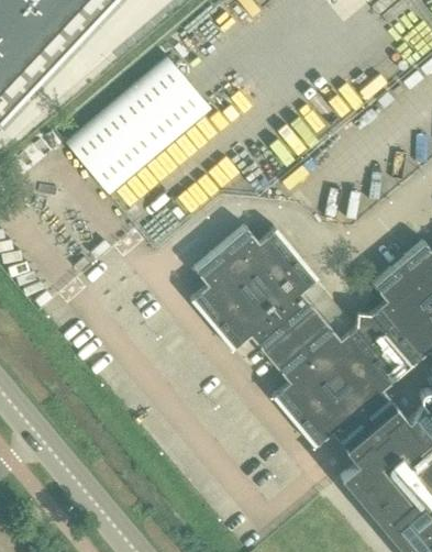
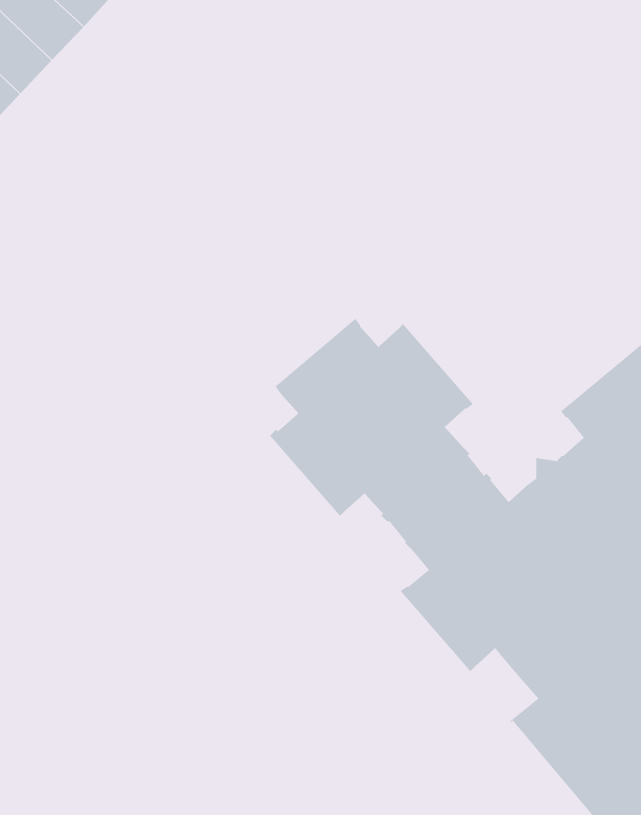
building: [66,57,211,195] -> none

